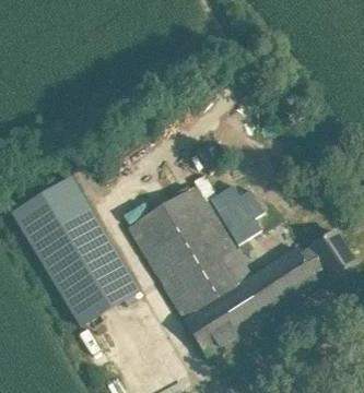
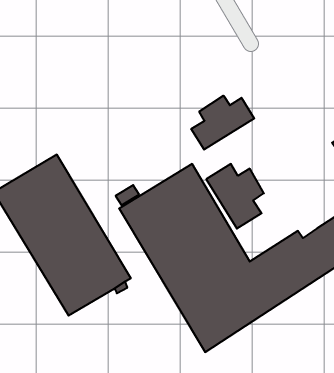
building: none -> [191,96,254,150]

